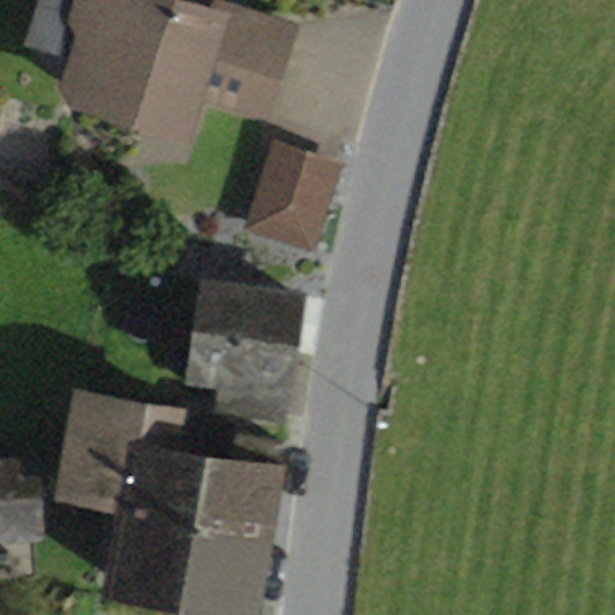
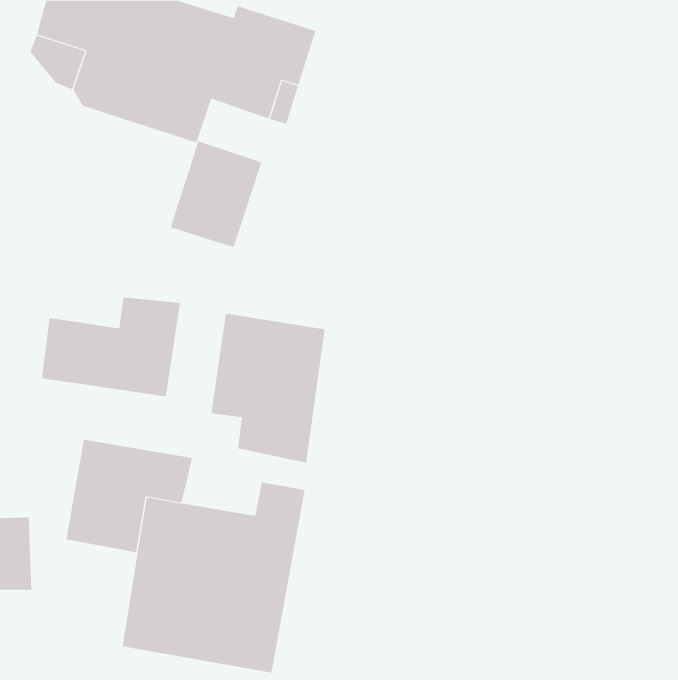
building: [246,150,329,246] -> [170,141,262,248]
building: none -> [42,297,181,397]

